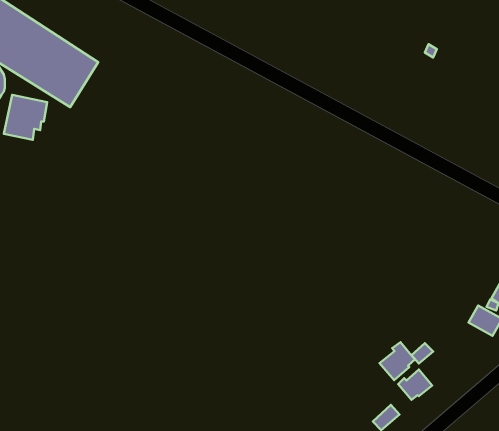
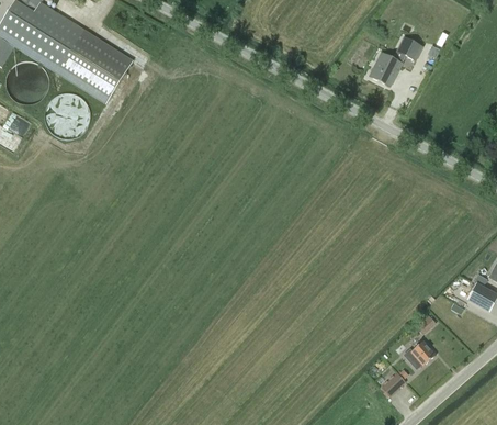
building: none -> [370,35,422,83]
building: [380,342,415,380] -> none

